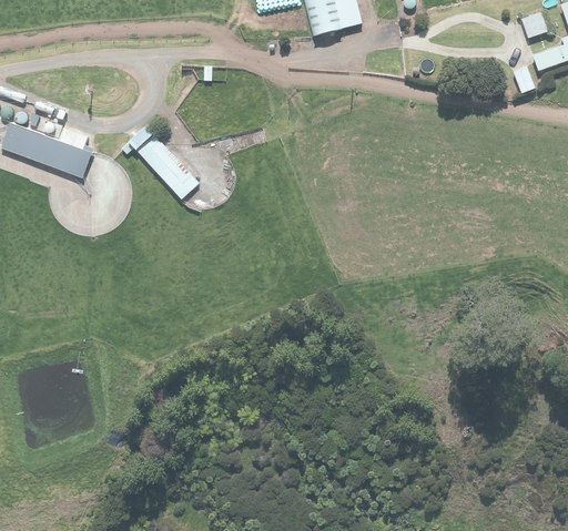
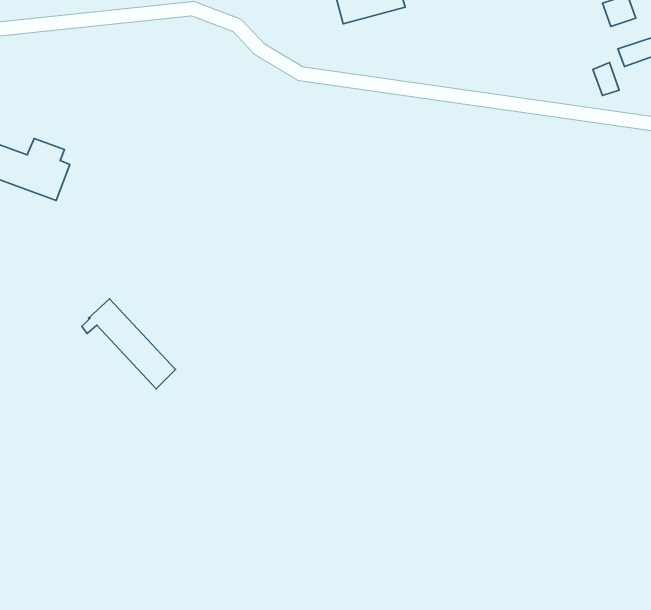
building: [122,126,197,198] -> [82,299,176,389]

